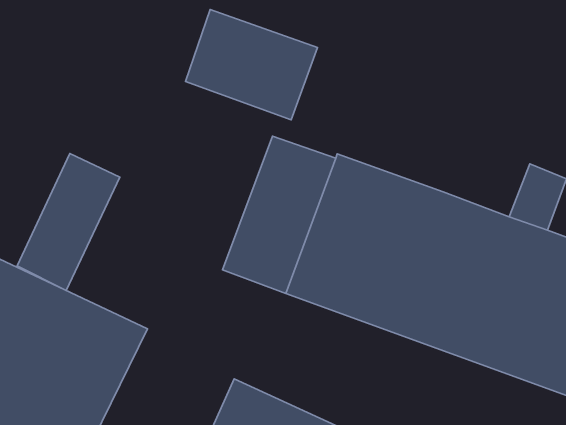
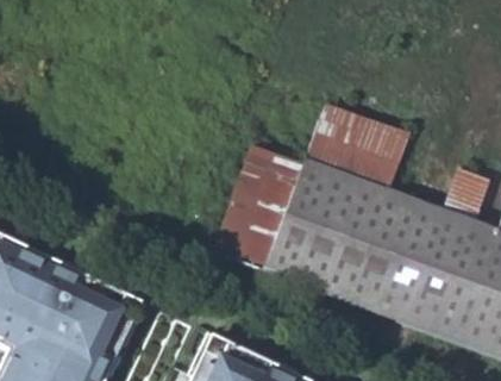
building: [185,9,318,120] -> [302,101,409,190]
building: [17,154,120,290] -> none

